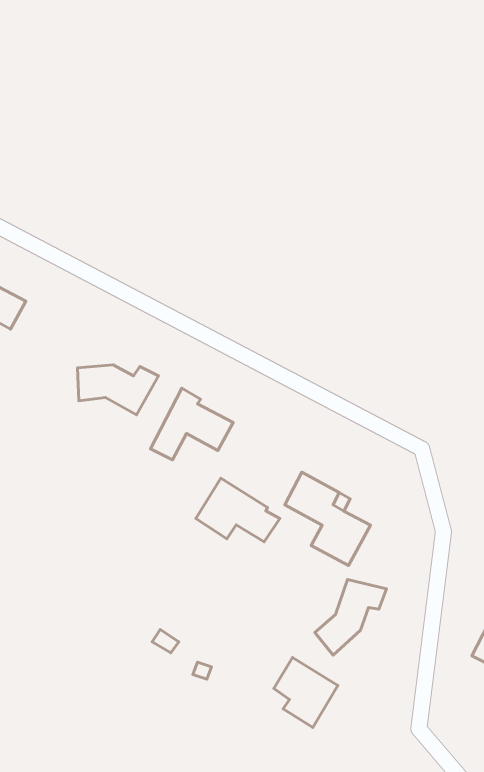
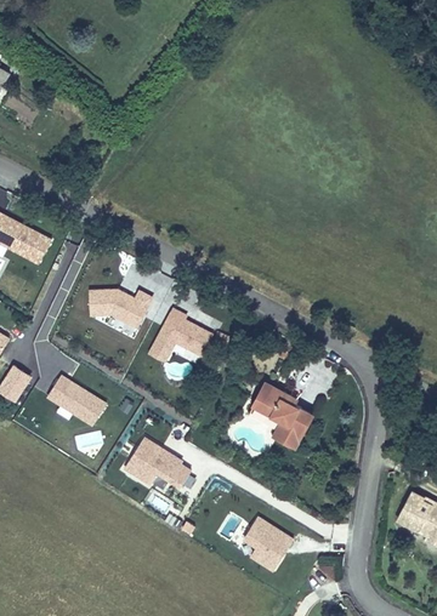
building: none -> [47,377,104,426]
building: [196,478,280,542] -> [125,439,191,489]
building: [315,579,386,655] -> none

